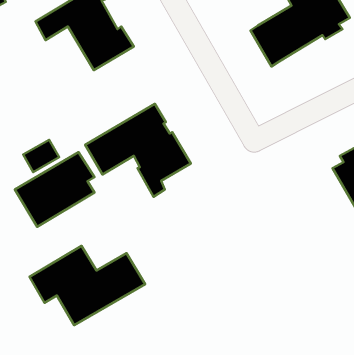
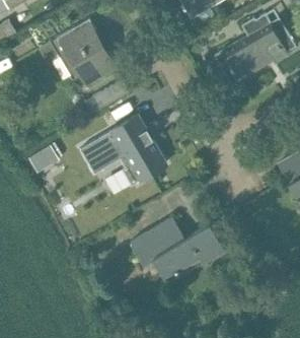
building: [15,152,95,227] -> none
building: [29,246,145,325] -> [131,217,225,282]

